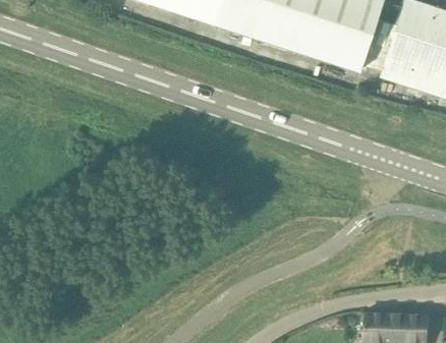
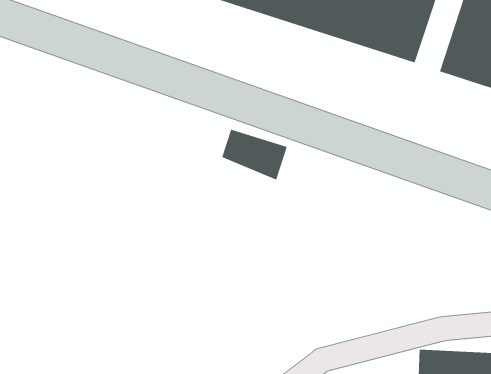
building: none -> [222,129,288,181]

